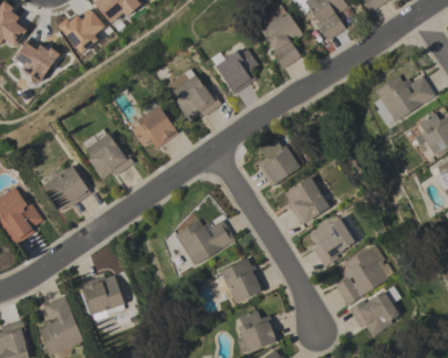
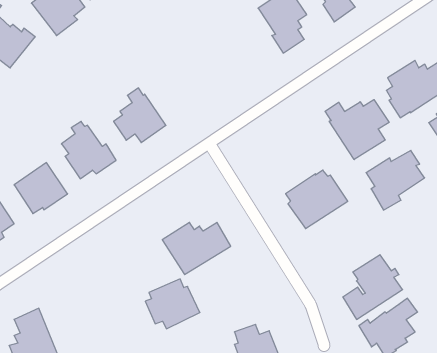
building: [216,49,259,93] -> none
building: [169,67,221,120] -> none
building: none -> [325,100,389,160]
building: [258,139,301,186] -> none
building: [309,214,361,267] -> [366,150,425,210]
building: [217,259,265,303] -> [145,279,200,329]
building: [80,275,125,316] -> none

